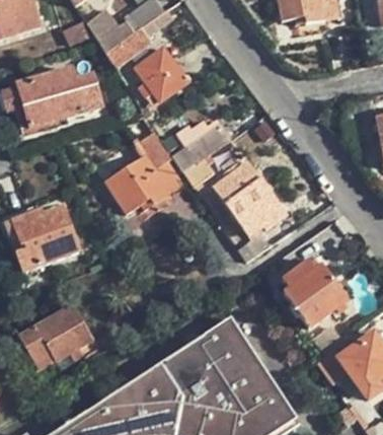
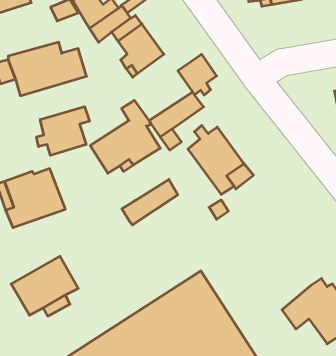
building: none -> [178,54,217,95]
building: none -> [37,107,89,155]
building: none -> [122,179,178,225]
building: [281,264,347,327] -> none

